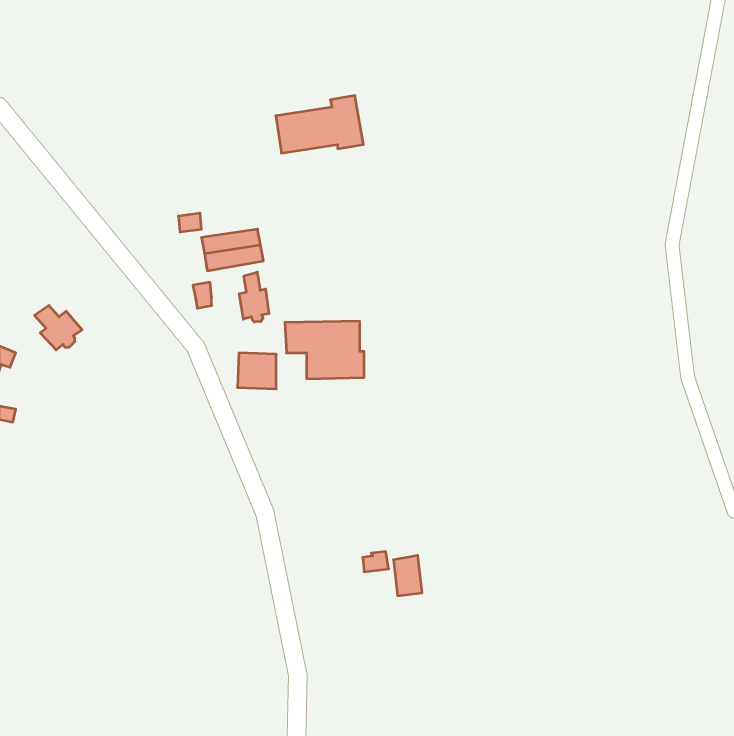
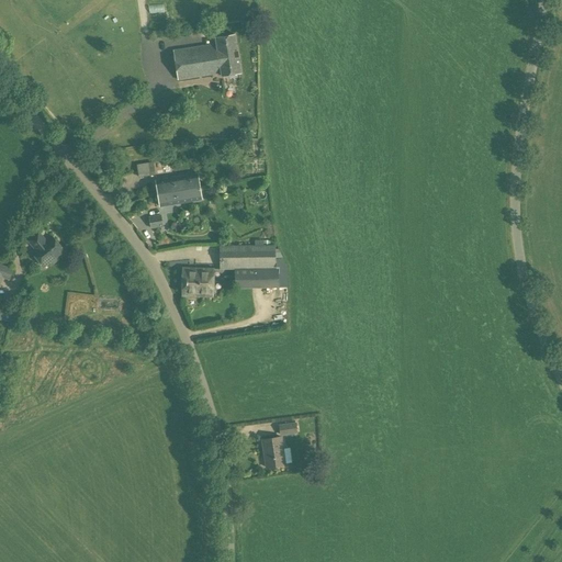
building: [276,96,363,153] -> [172,35,239,79]
building: [239,272,269,322] -> none
building: [393,555,422,596] -> [261,437,283,468]

